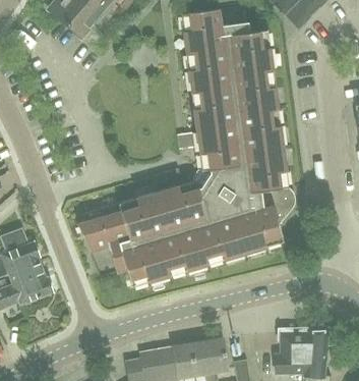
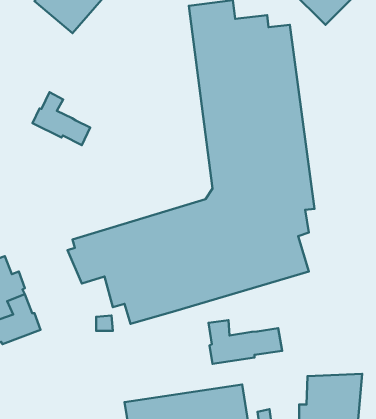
building: none -> [32,92,90,145]
building: none -> [208,320,282,364]

